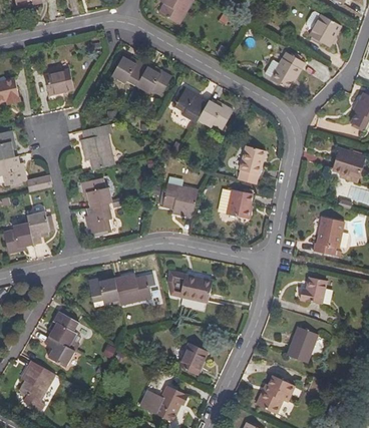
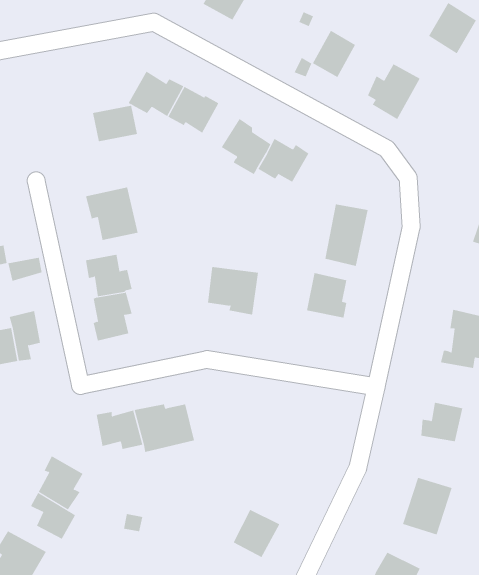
building: none -> [312,30,356,78]
building: [43,69,73,93] -> [92,105,138,142]
building: [170,273,215,304] -> none

